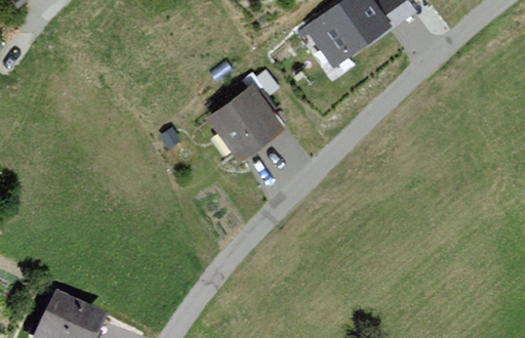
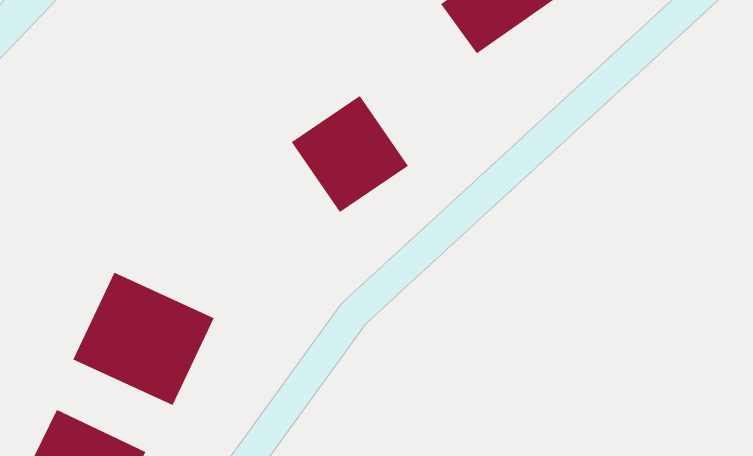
building: none -> [73,272,214,406]

